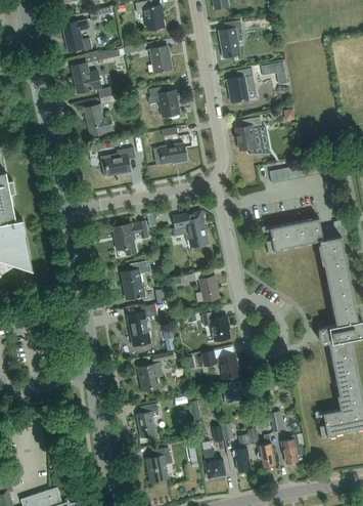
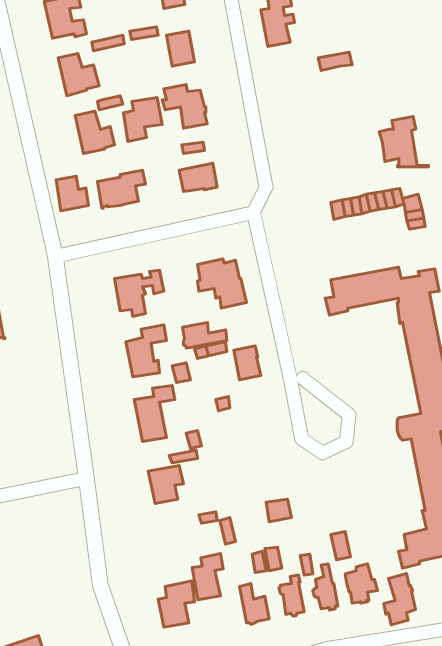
building: [227,69,254,101] -> none
building: none -> [123,98,162,142]
building: [235,117,271,154] -> [379,116,429,167]
building: none -> [56,176,89,211]
building: none -> [183,322,227,348]
building: [201,310,230,340] -> none
building: [201,350,239,379] -> none
building: [136,404,158,437] -> [192,554,223,600]
building: none -> [384,574,415,625]

